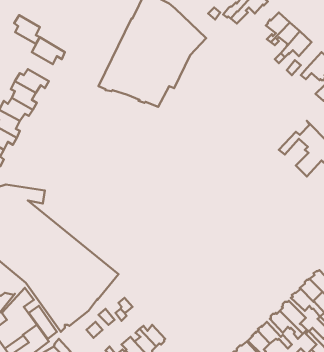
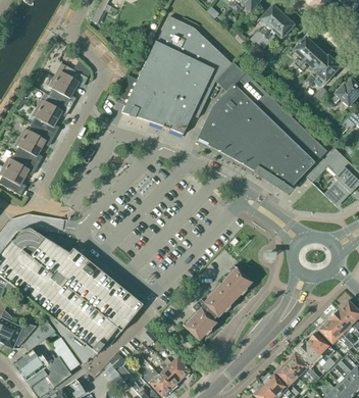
building: [14,15,40,44] -> [48,78,74,107]
building: none -> [196,62,325,192]
building: none -> [185,265,251,341]

